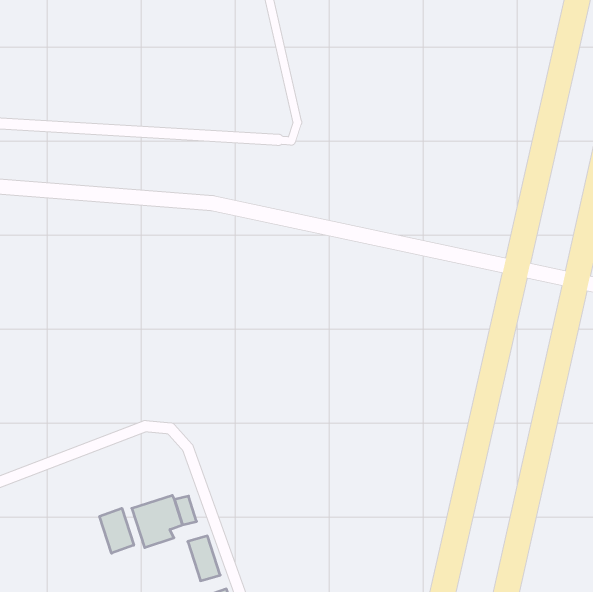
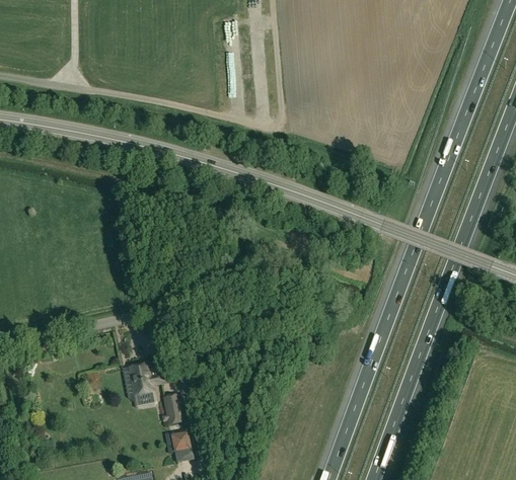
building: [100,508,134,553] -> none

